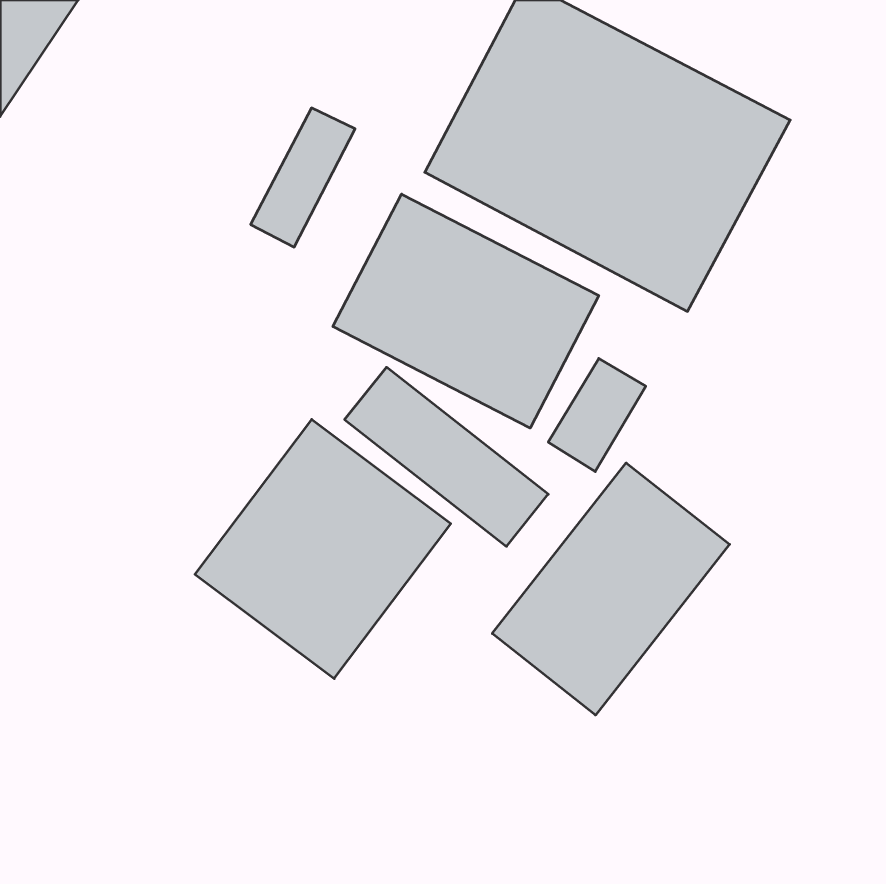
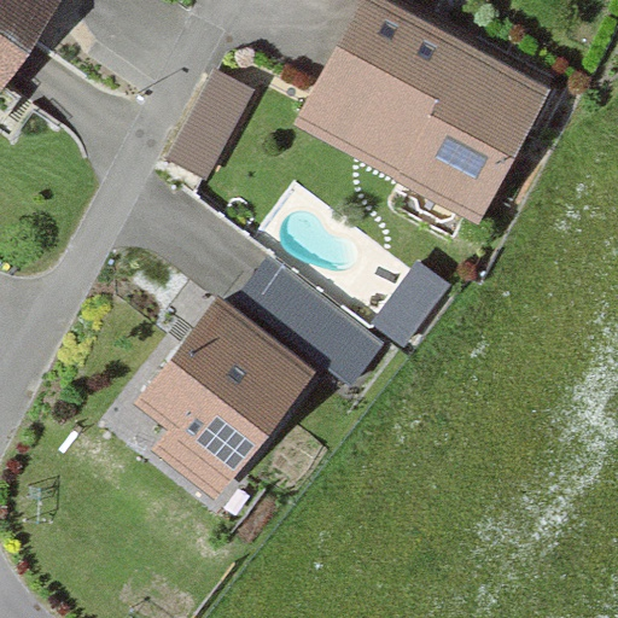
building: [333,194,599,428] -> none
building: [492,463,730,715] -> none

